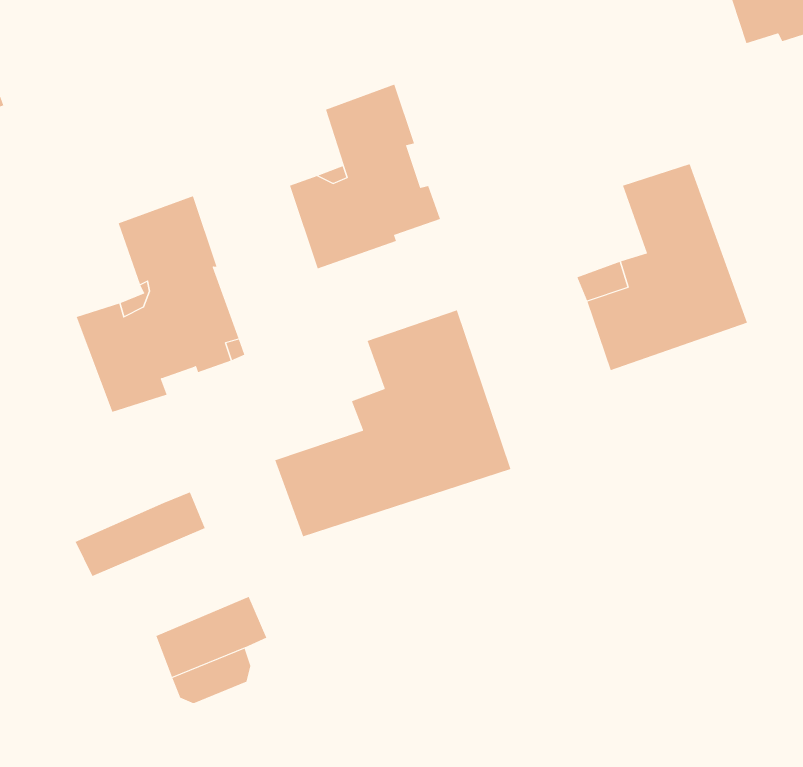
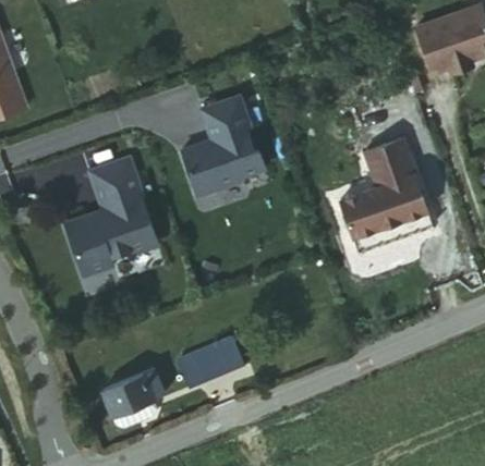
building: [274,310,511,537] -> none
building: [75,492,206,577] -> none
building: none -> [181,344,235,393]

